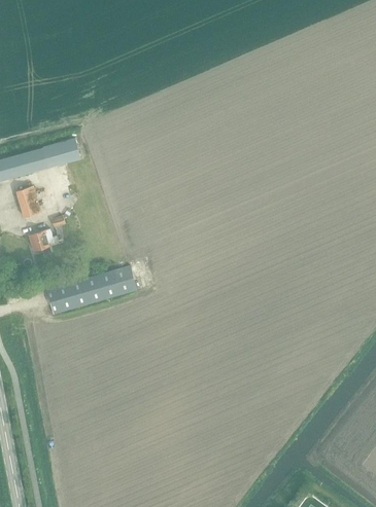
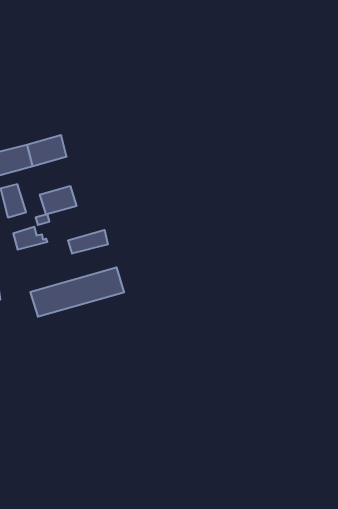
building: none -> [40,186,76,215]
building: none -> [68,230,108,254]

